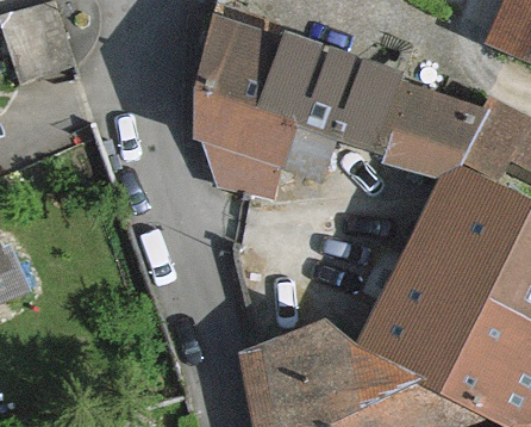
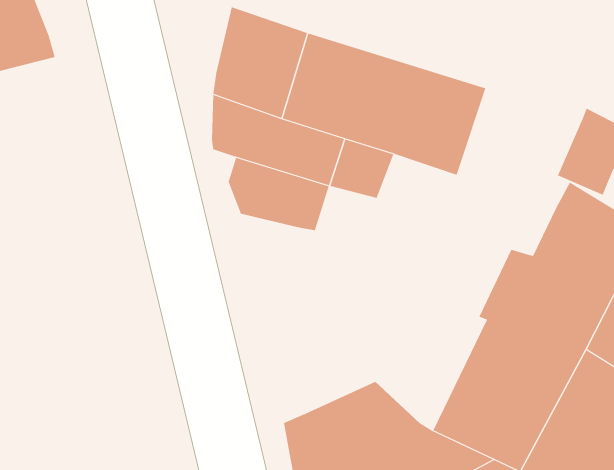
building: [388,87,485,180] -> none

